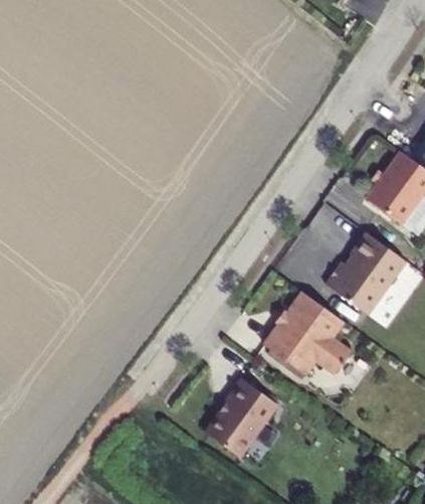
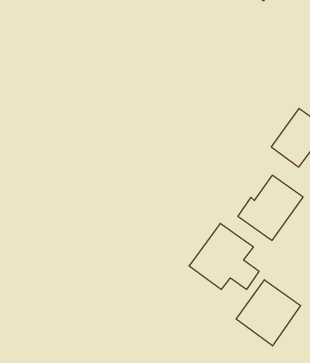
building: none -> [236,280,301,346]
building: [205,378,278,458] -> none

